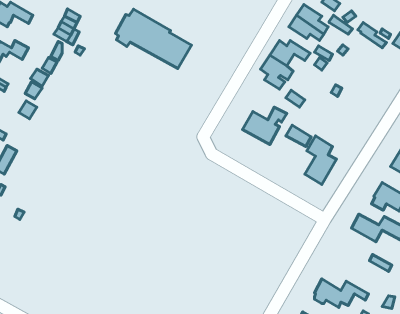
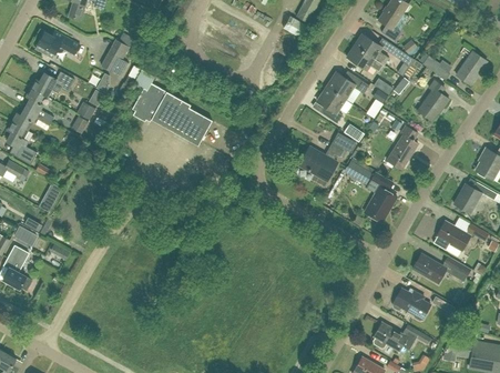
building: [115,9,192,69] -> [132,83,212,145]
building: none -> [412,80,449,121]
building: none -> [387,125,418,170]
building: none -> [392,289,430,321]

